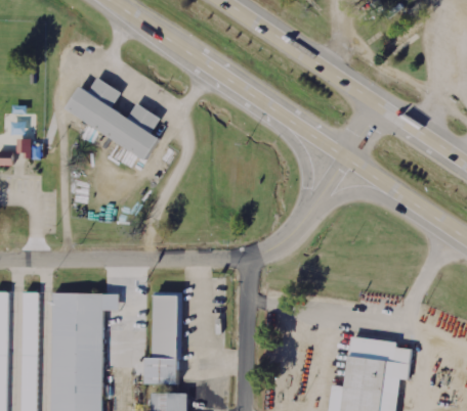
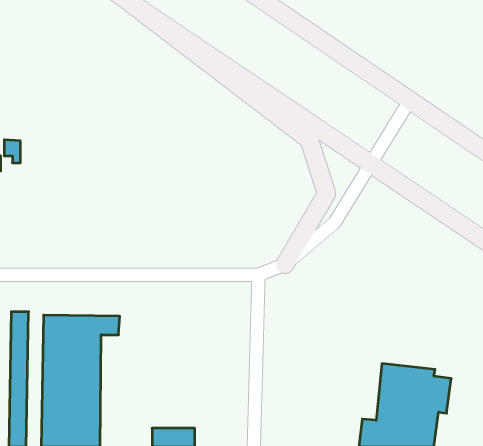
building: [66,78,161,162] -> none
building: [150,293,181,385] -> none

